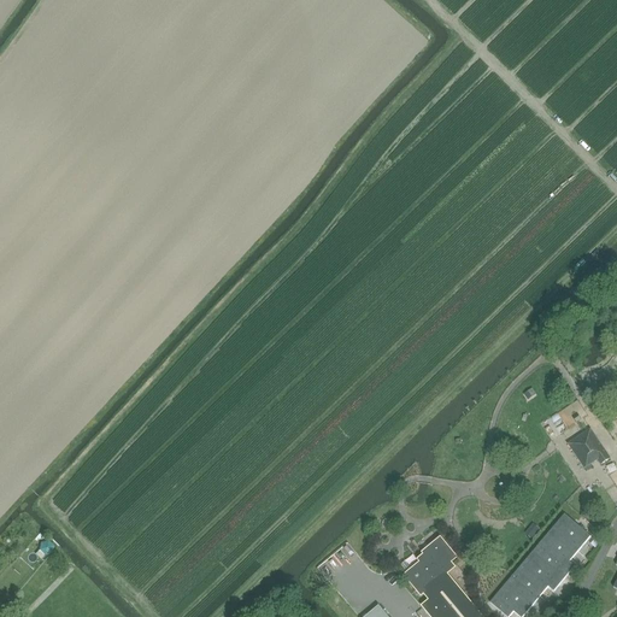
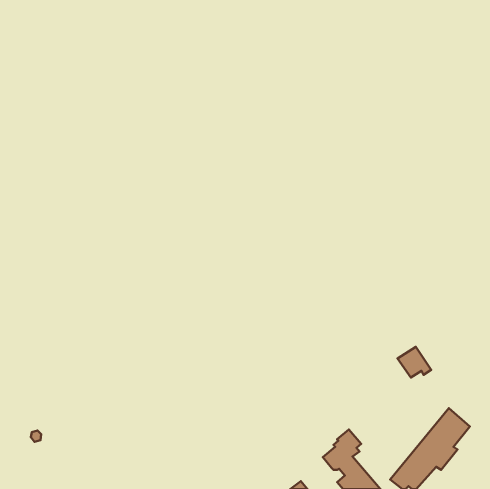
building: [566,428,609,466] -> [397,347,431,378]

